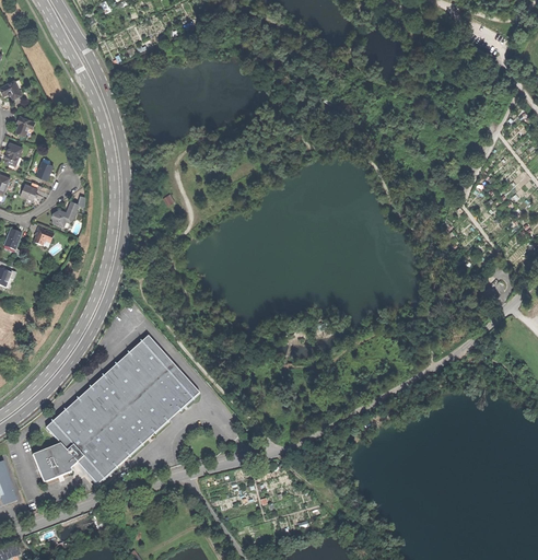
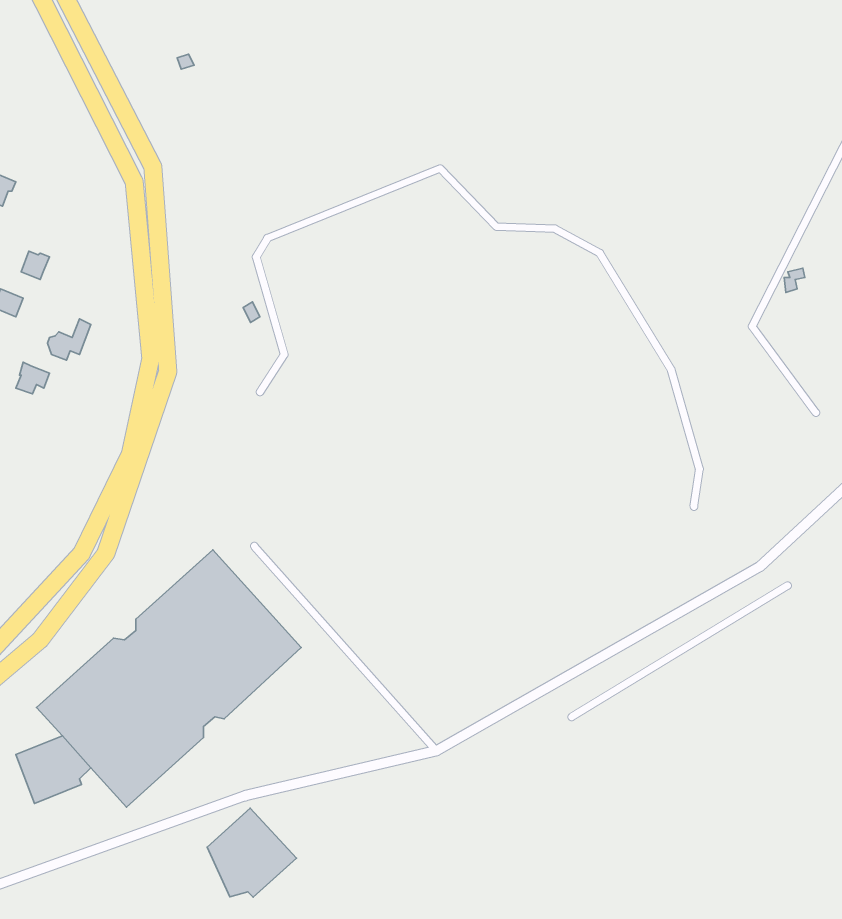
building: none -> [207,808,296,897]

